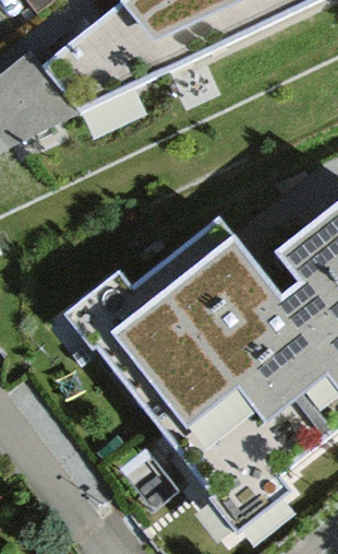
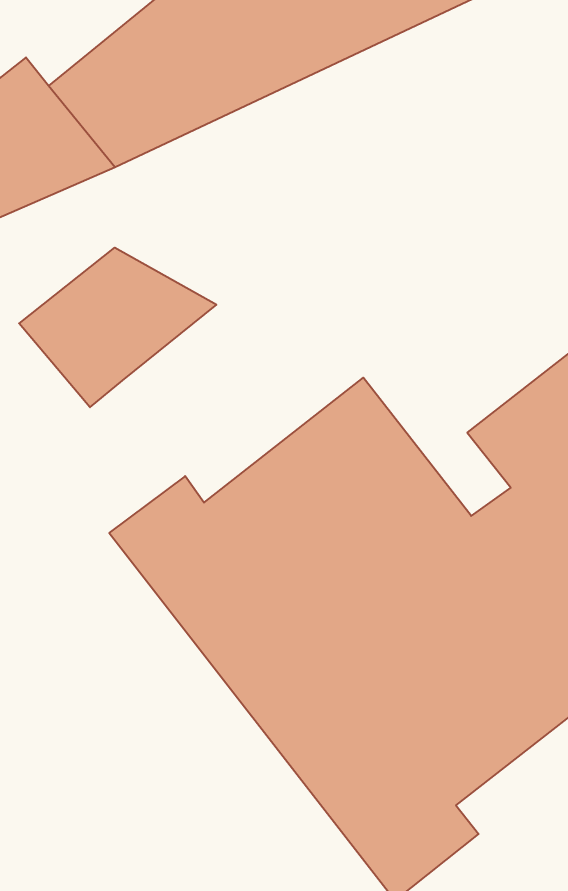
building: none -> [19,248,216,407]

